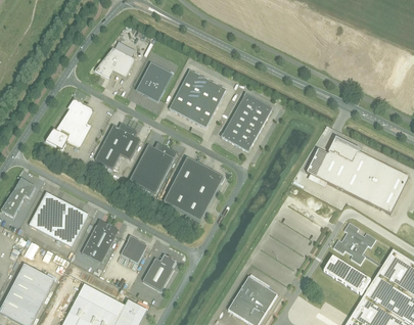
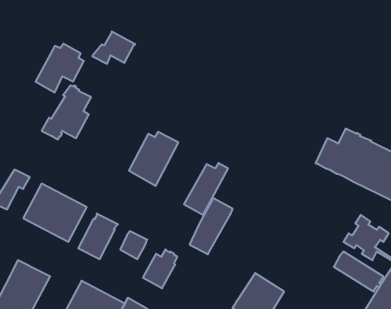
building: [137,62,172,101] -> none
building: [168,69,226,127] -> none
building: [221,92,272,151] -> none
building: [94,123,140,169] -> [35,44,84,92]
building: [164,157,204,211] -> [190,198,233,254]

